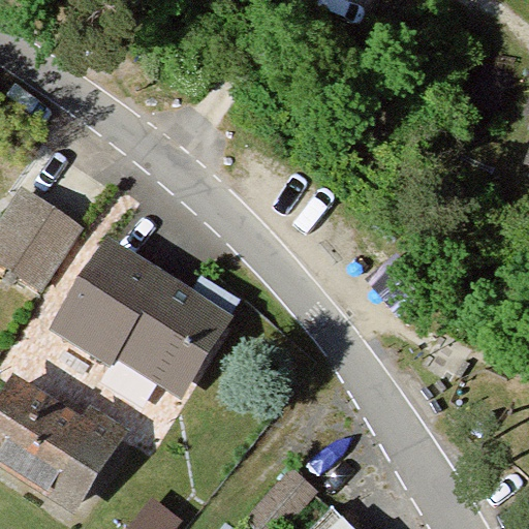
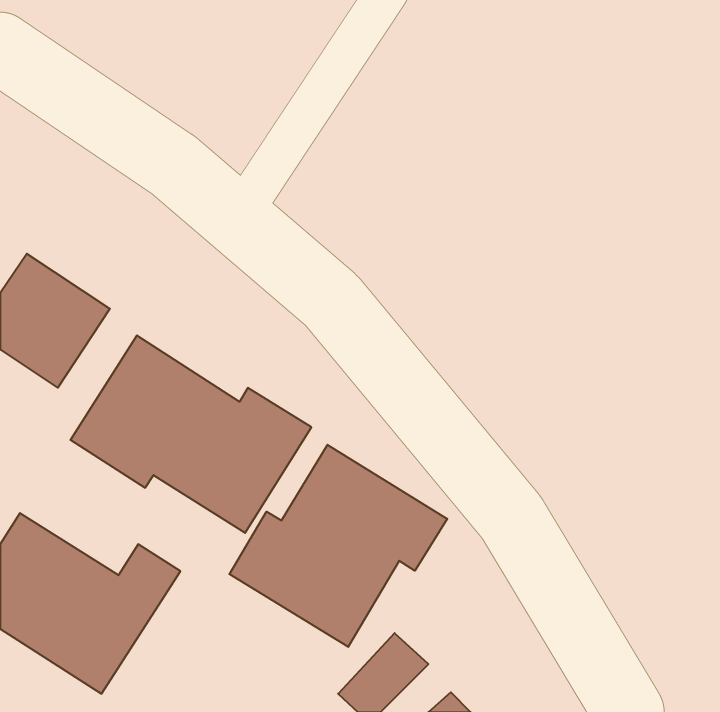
building: none -> [229,445,447,647]

